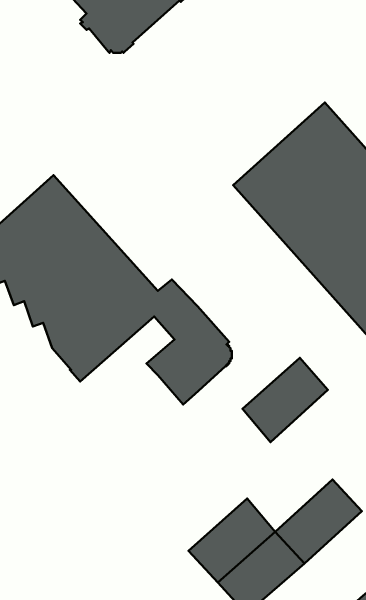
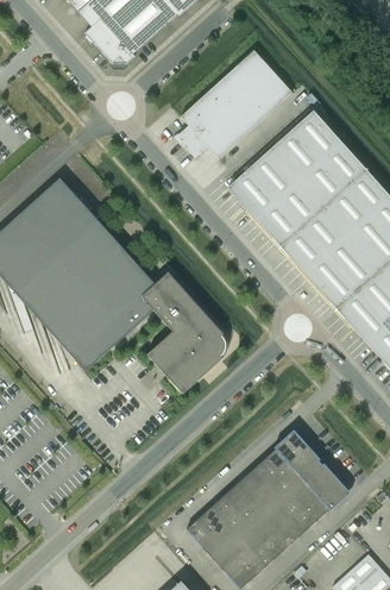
building: none -> [178,50,291,158]
building: [242,358,328,442] -> [240,432,320,510]

